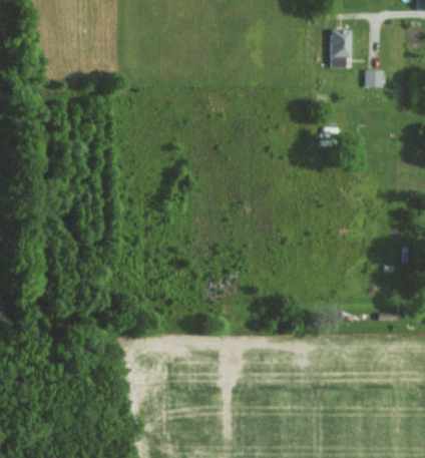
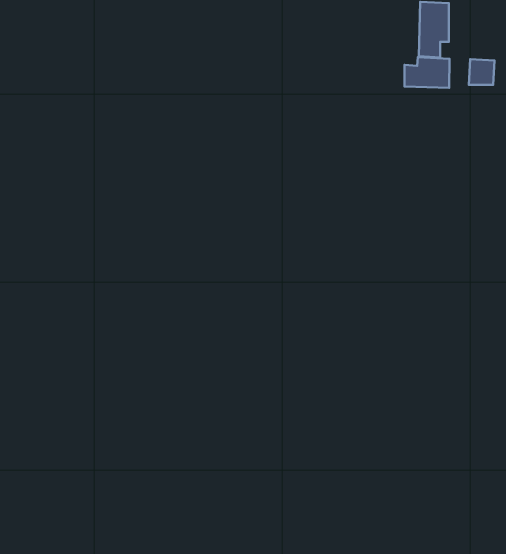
building: none -> [404,57,449,88]

